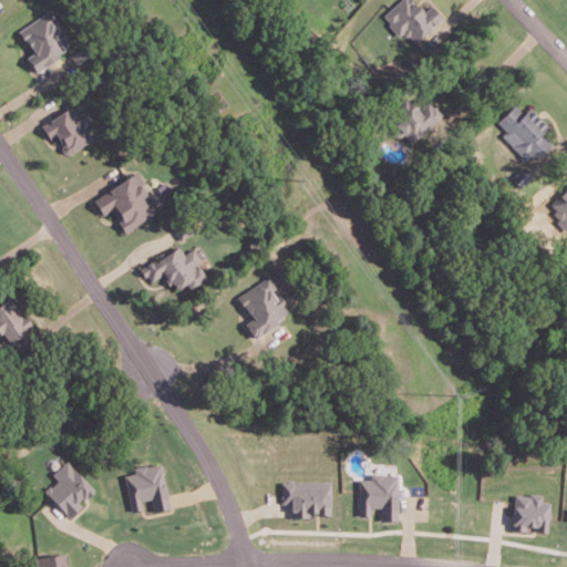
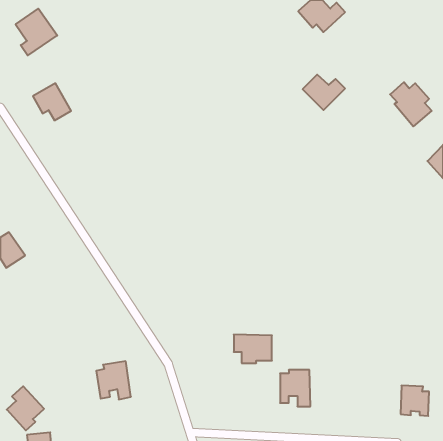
building: [93,177,156,231] -> none
building: [140,247,206,290] -> none
building: [238,279,290,338] -> none
building: [44,462,92,518] -> [7,386,44,430]
building: [280,482,329,518] -> [234,335,272,363]

